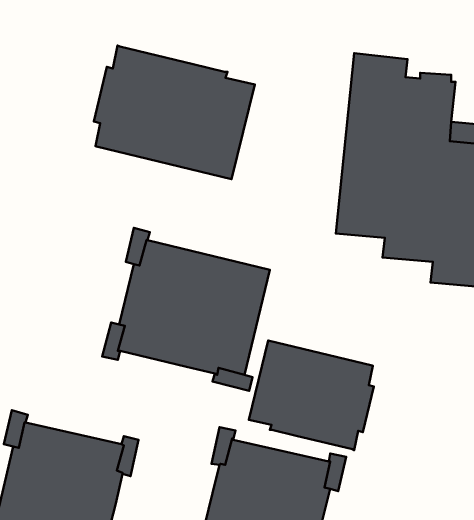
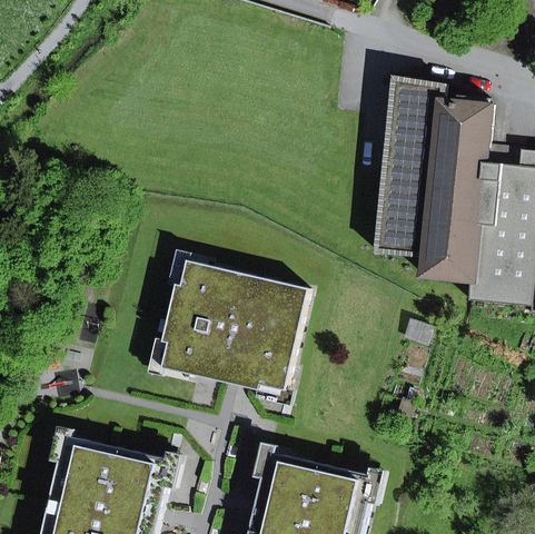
building: [94,45,255,179] -> none
building: [249,340,374,450] -> none

